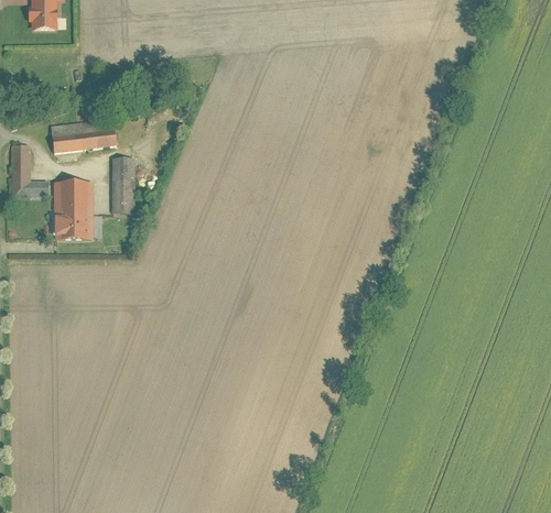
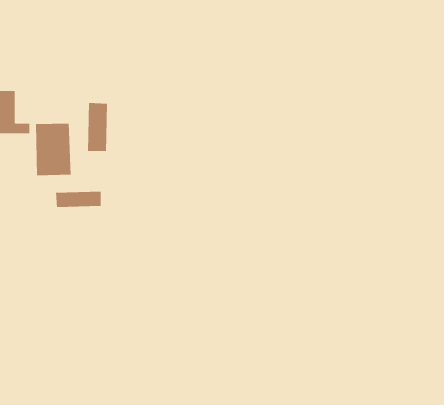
building: [51,120,115,150] -> none
building: none -> [56,191,101,208]

